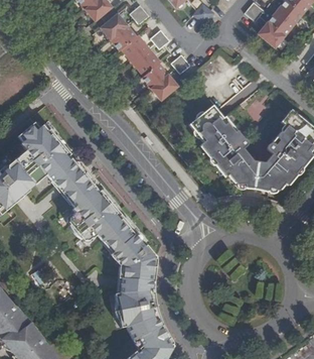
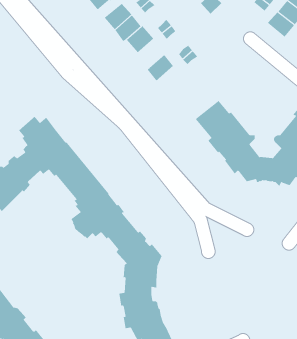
building: [133,47,161,76] -> none
building: [151,74,178,101] -> none

